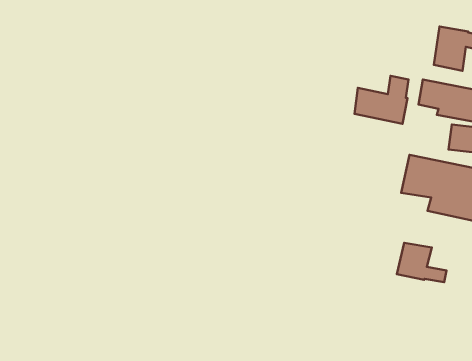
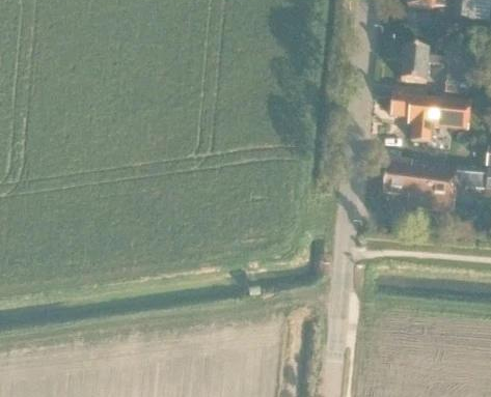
building: [354,76,409,124] -> none
building: [397,243,446,282] -> none

